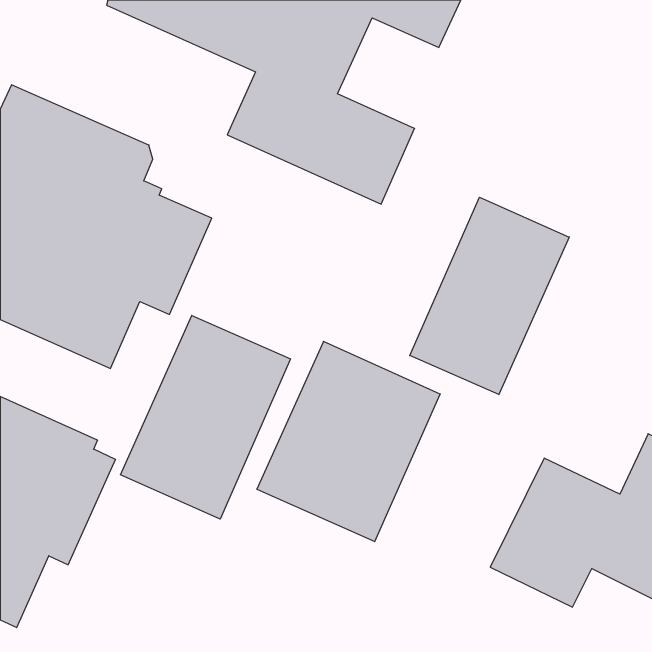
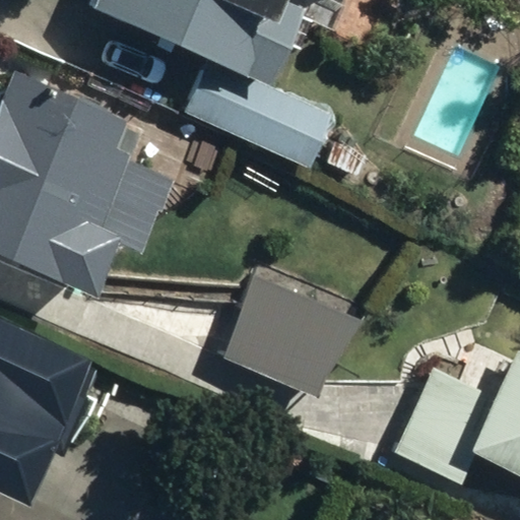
building: [410,197,569,395] -> none
building: [120,315,291,519] -> none

